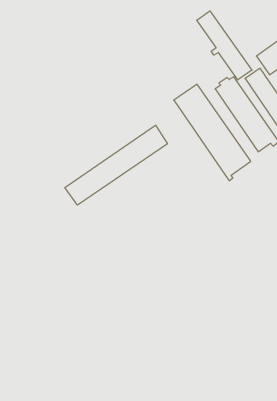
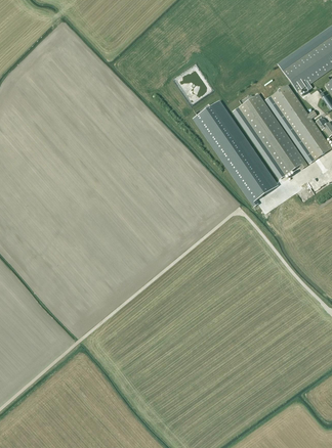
building: [197,11,252,80] -> none
building: [65,125,167,205] -> none

